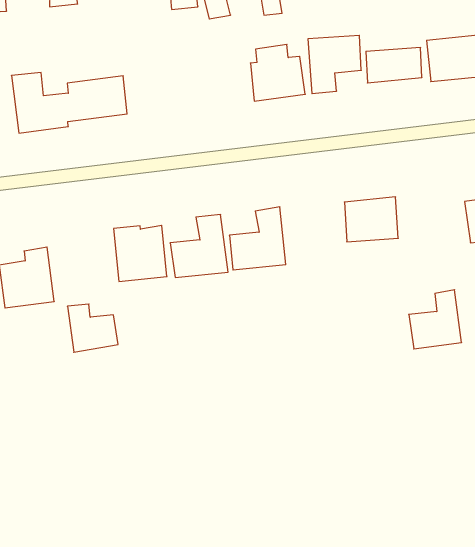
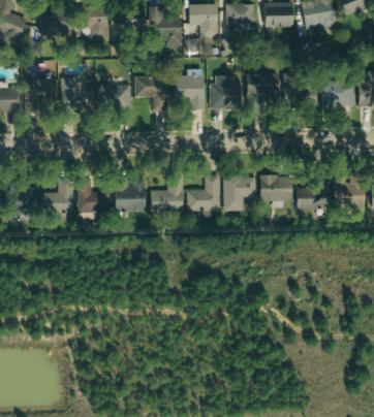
building: none -> [174,76,205,110]
building: none -> [134,77,168,99]
building: none -> [223,177,256,212]
building: [409,290,462,349] -> [297,177,328,211]
building: [67,304,118,352] -> [79,184,107,213]

